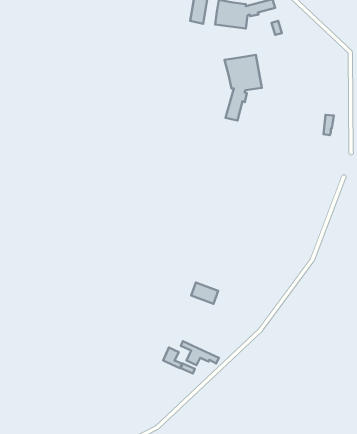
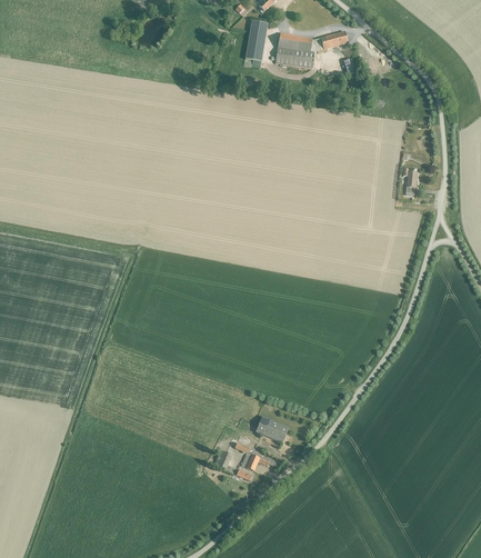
building: [225,55,262,120] -> none
building: [191,282,218,304] -> [255,416,288,441]

